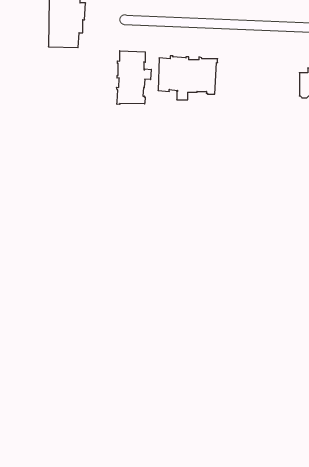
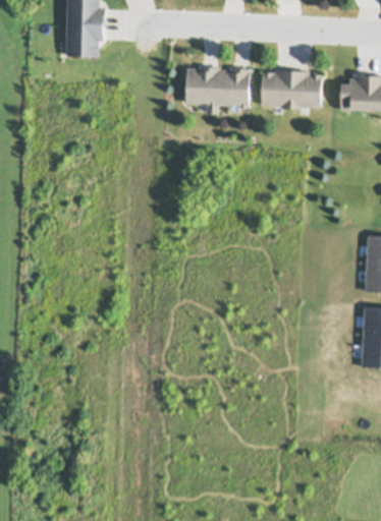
building: [117,51,151,104] -> none
building: none -> [261,70,322,109]

